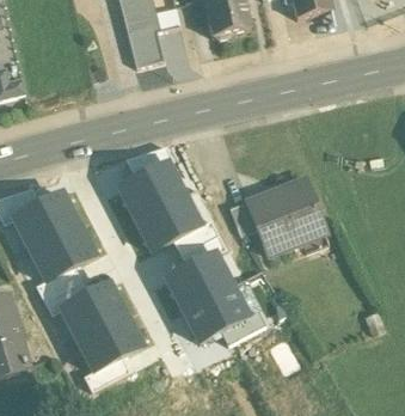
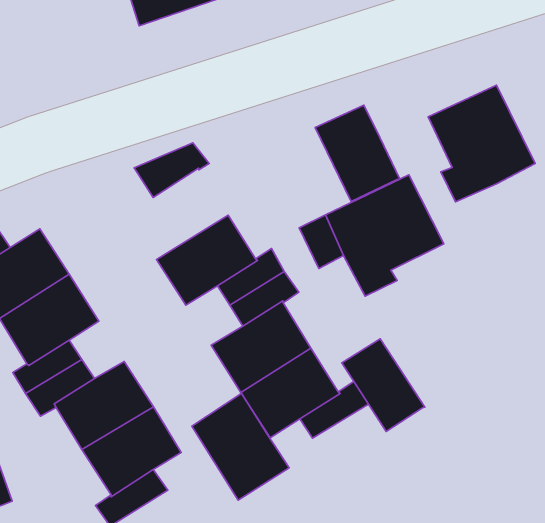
building: none -> [428,85,535,202]
building: none -> [315,105,400,202]
building: [119,161,185,219] -> none
building: none -> [342,339,425,431]
building: none -> [192,393,289,500]

